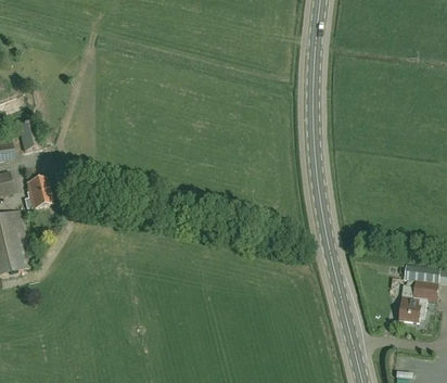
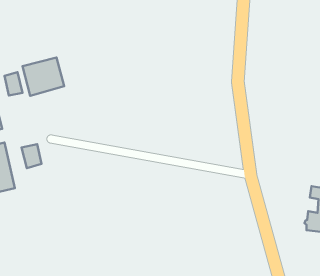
building: none -> [23,58,64,96]
building: [27,177,52,207] -> [22,144,41,168]

